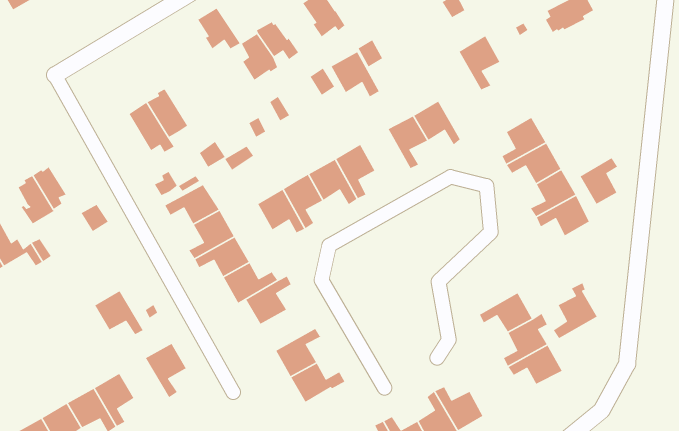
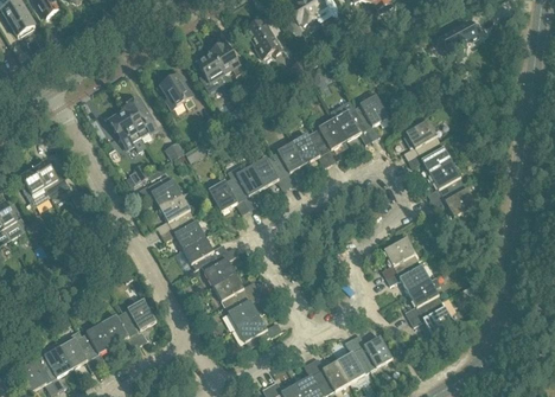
building: [197,8,241,50] -> [160,76,194,109]
building: [458,35,500,90] -> [353,95,387,139]
building: [330,51,380,98] -> [292,130,331,167]
building: [580,157,618,205] -> none
building: [553,282,598,339] -> [381,232,416,277]
building: [94,290,144,335] -> [101,312,140,347]
building: none -> [212,274,256,306]

